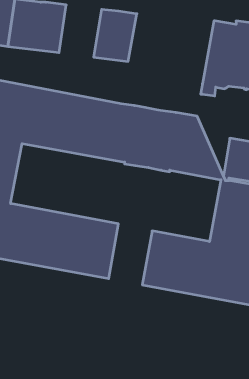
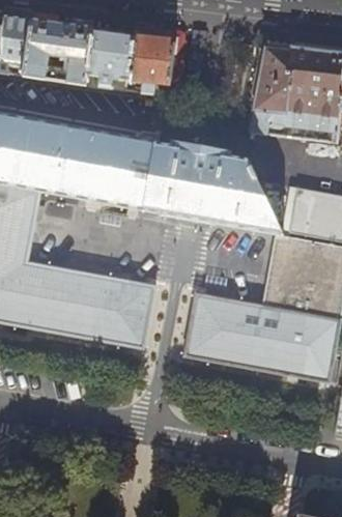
building: none -> [85,27,135,88]

